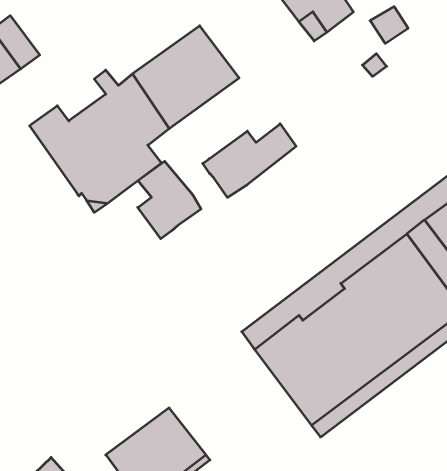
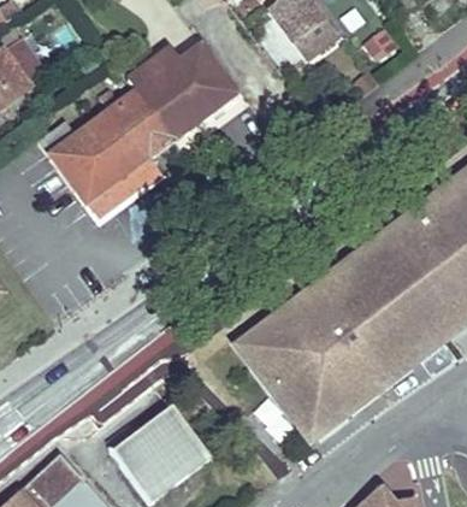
building: [203,124,296,197] -> none
building: [138,161,201,239] -> none

